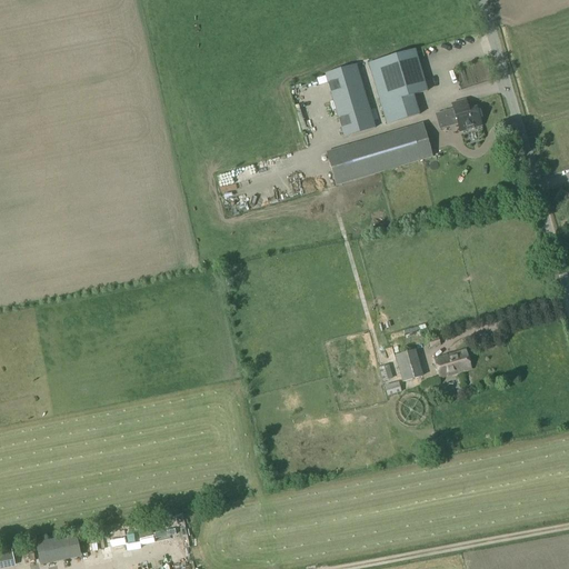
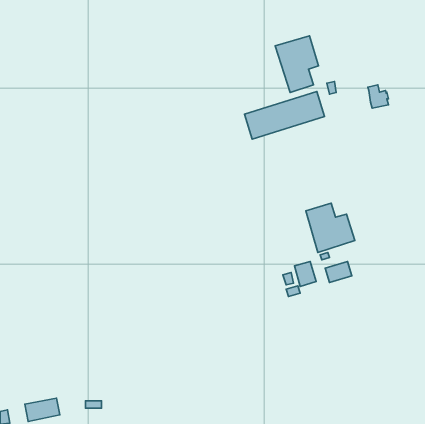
building: [325,64,376,137] -> none
building: [455,99,482,130] -> [368,85,389,108]
building: none -> [306,203,355,252]

